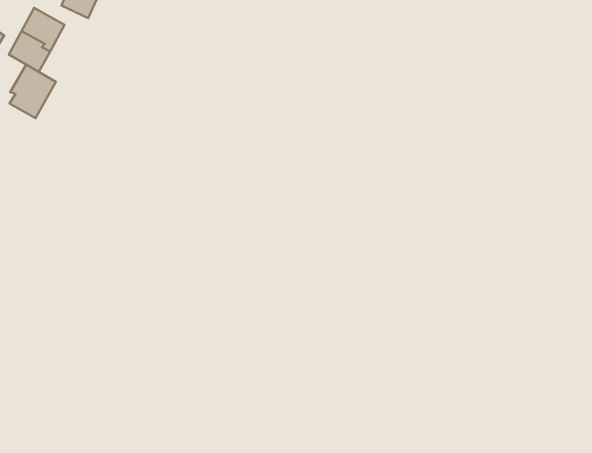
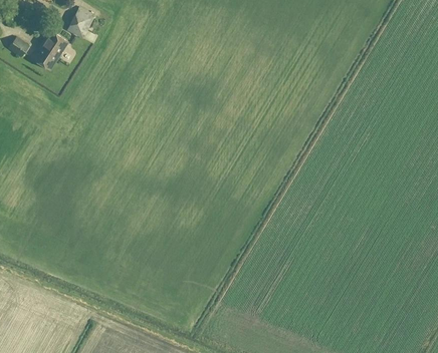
building: [10,65,56,118] -> none

